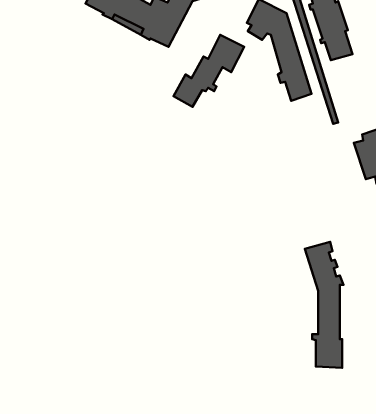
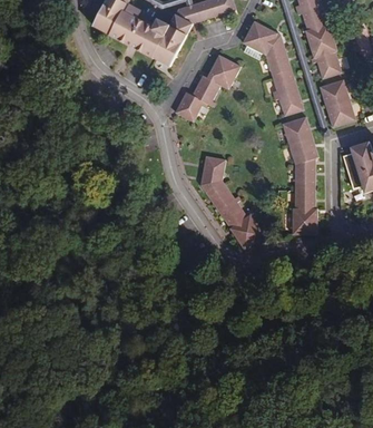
building: none -> [320,79,355,127]
building: none -> [200,155,265,250]
building: [305,242,343,368] -> [283,117,318,234]

